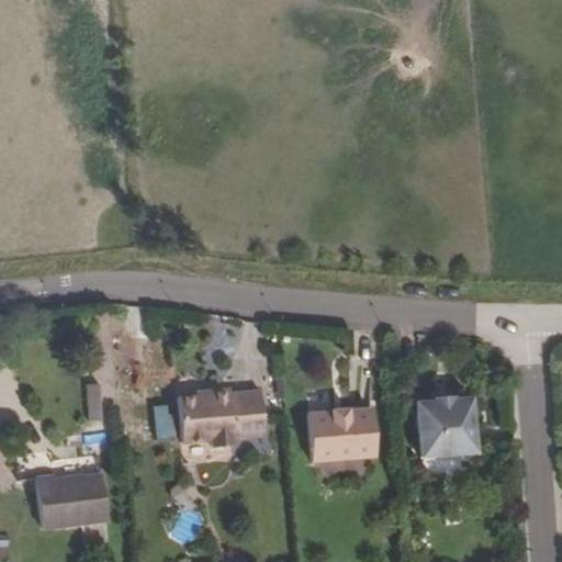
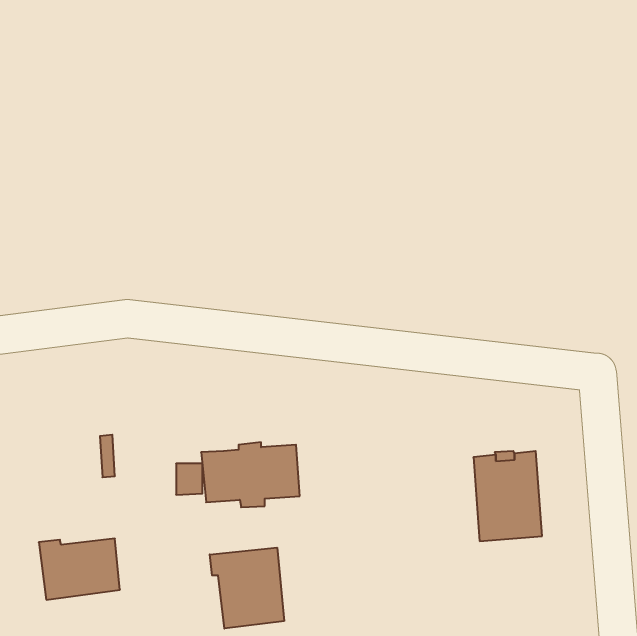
building: [310,406,378,461] -> none
building: none -> [210,548,284,629]

